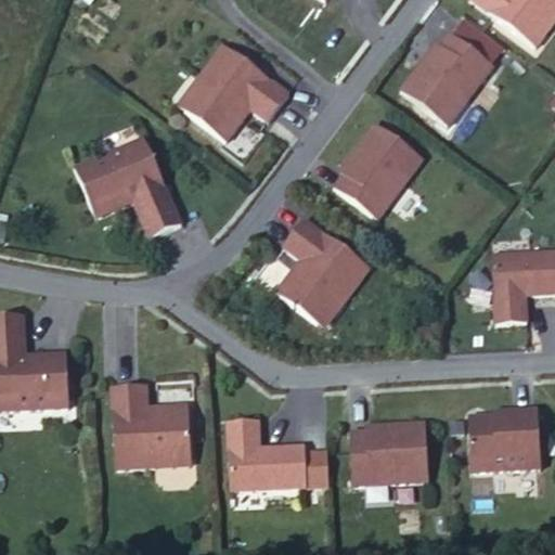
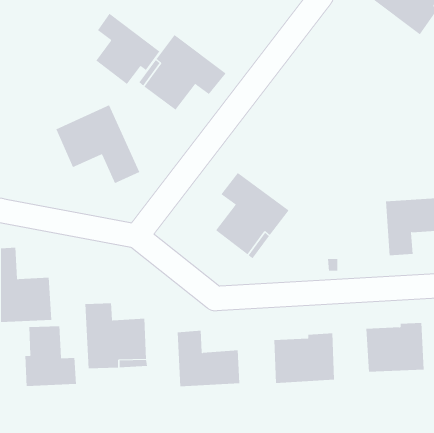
building: none -> [96,13,160,85]
building: [401,31,494,125] -> none
building: [335,121,424,219] -> none
building: none -> [25,326,76,387]

